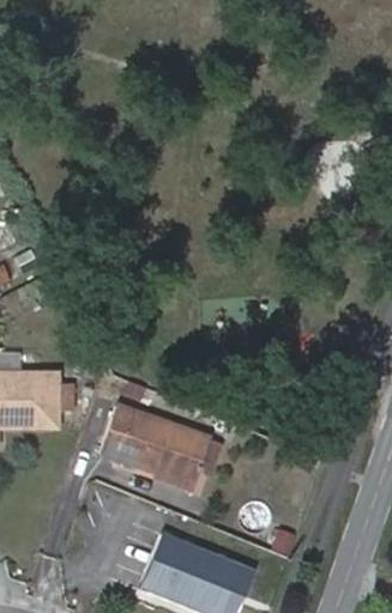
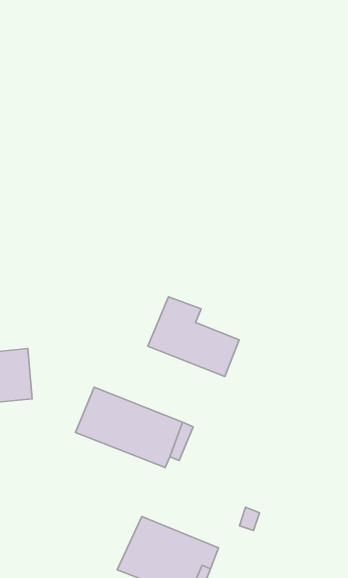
building: none -> [148,297,239,377]

